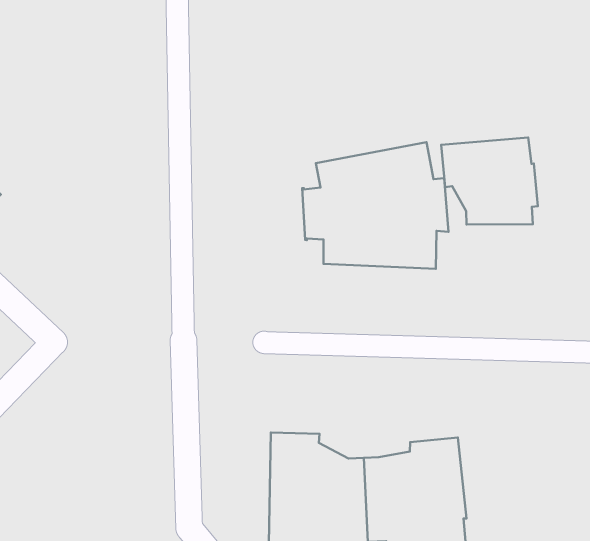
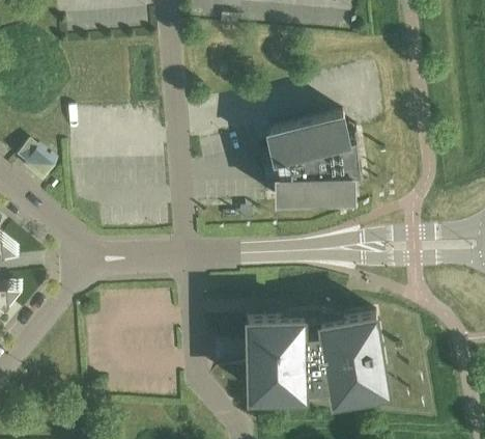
building: [441,138,538,225] -> none

